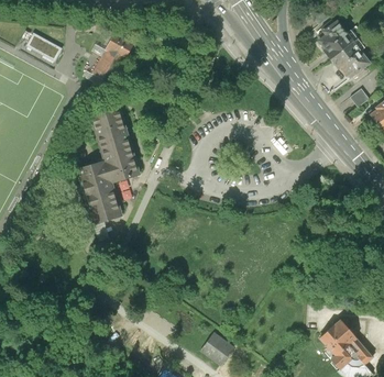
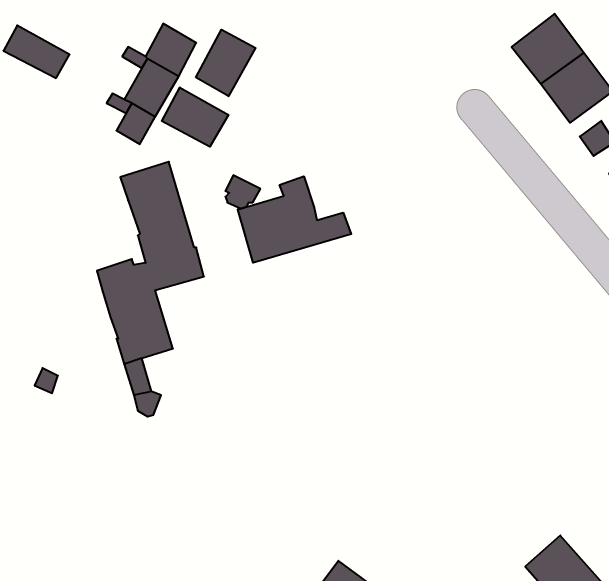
building: none -> [196,30,256,96]
building: none -> [162,87,228,147]
building: none -> [238,176,351,263]

